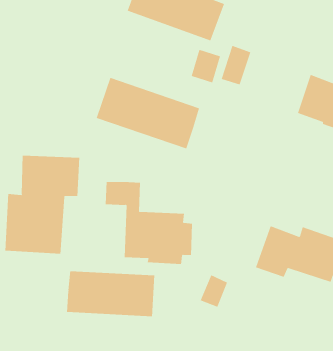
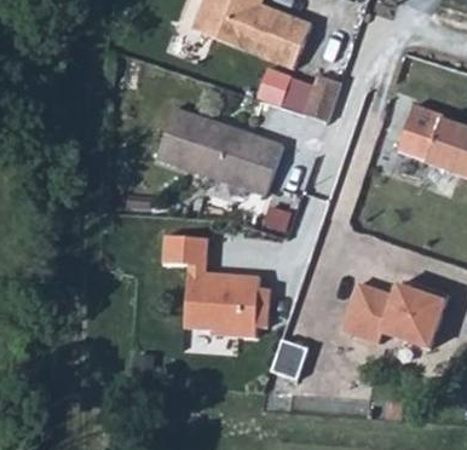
building: [5,155,80,254] -> none
building: [67,270,155,317] -> none

